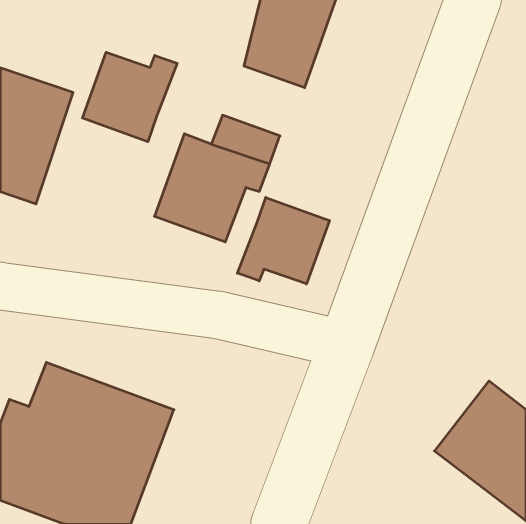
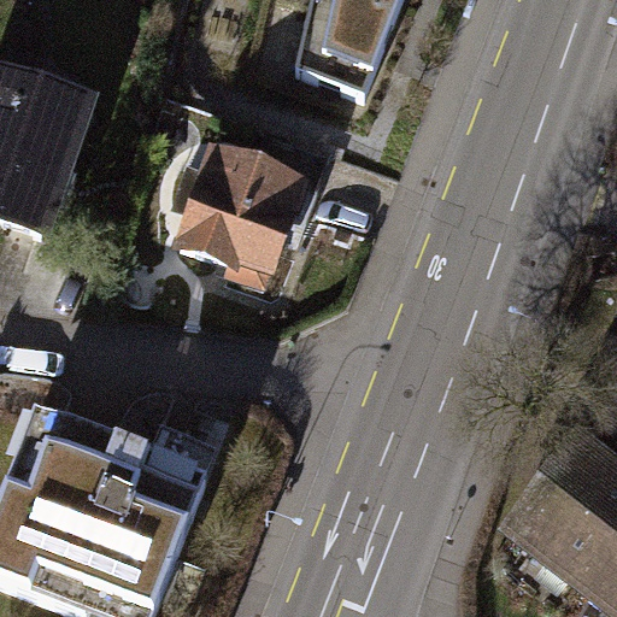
building: [82,52,177,142] -> none
building: [237,197,329,284] -> none

